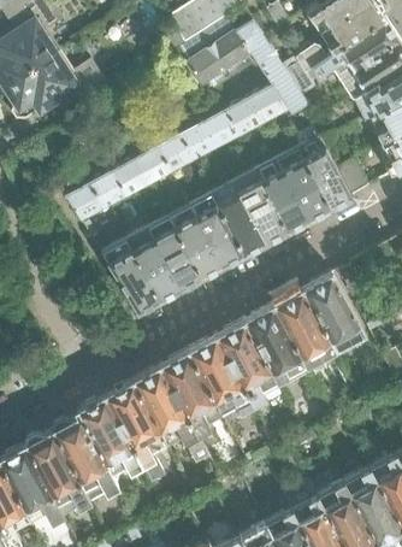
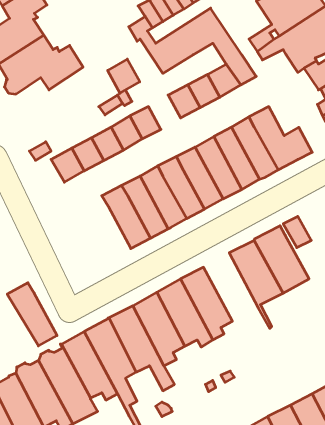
building: [179,122,217,161] -> [108,59,140,93]
building: [101,239,159,312] -> [7,283,57,346]
building: [243,305,307,401] -> none

